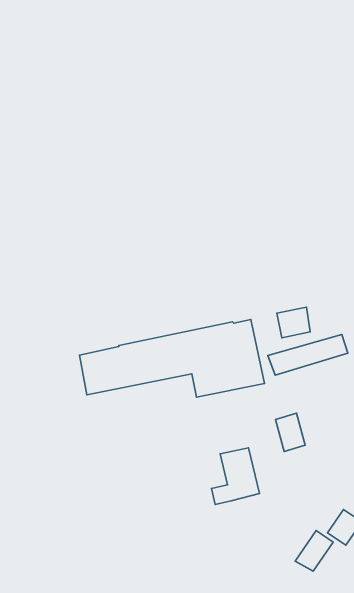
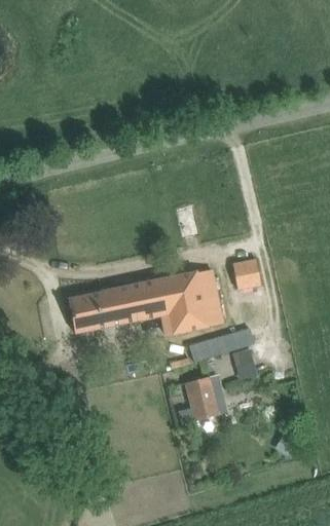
building: [268,335,348,375] -> [188,329,255,363]
building: [295,531,333,571] -> none

